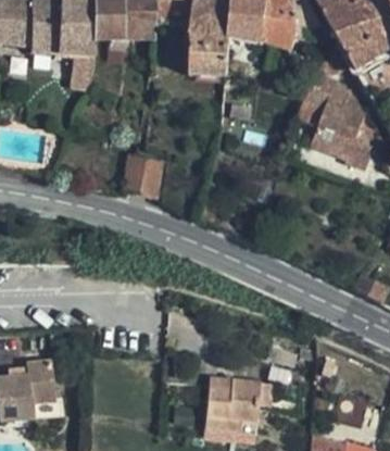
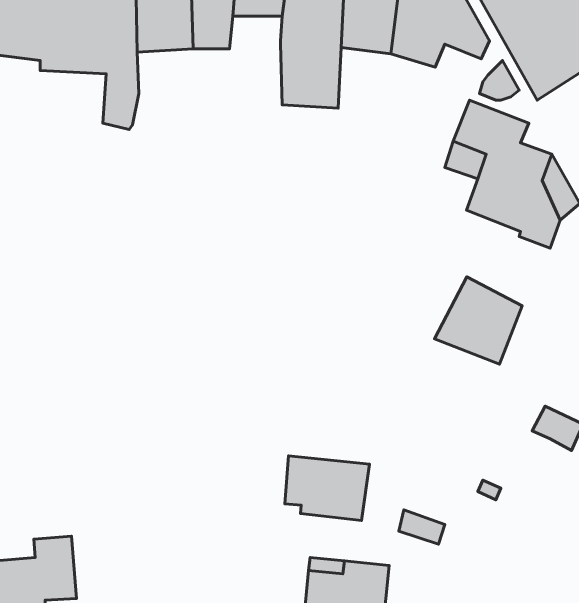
building: [125,154,163,199] -> none
building: none -> [434,277,522,364]
building: none -> [285,456,370,520]

